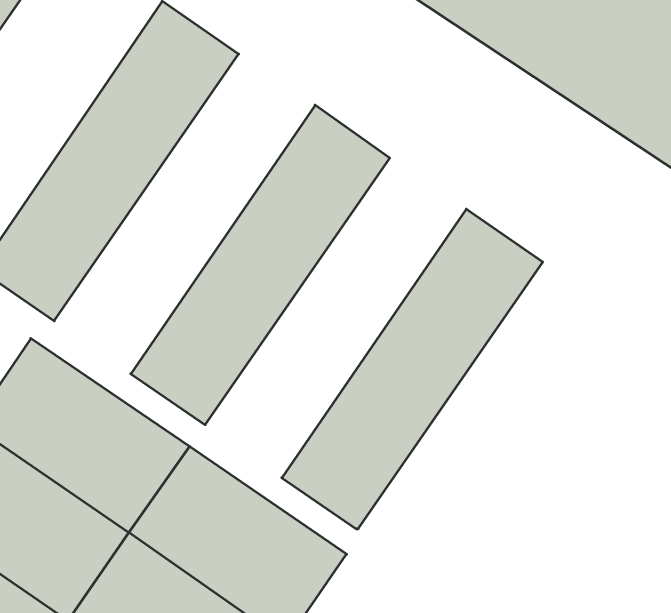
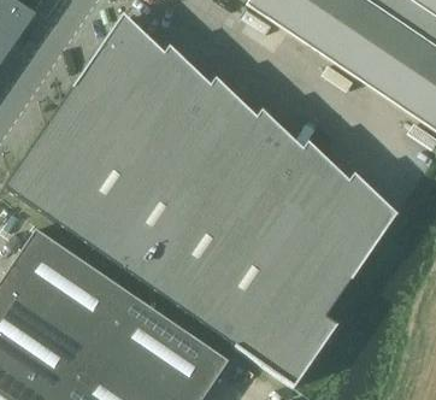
building: none -> [51,53,211,249]
building: none -> [143,117,304,313]
building: none -> [237,181,396,386]

